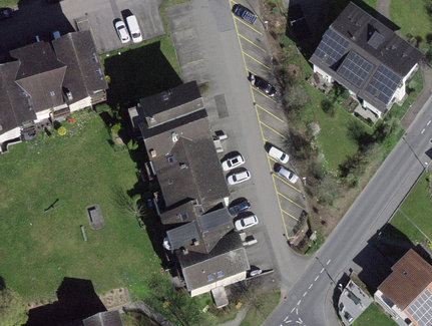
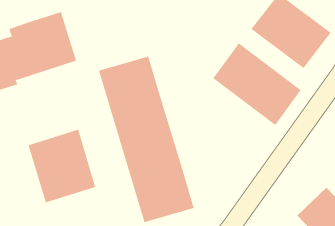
building: none -> [213,43,301,126]
building: none -> [28,129,96,203]

